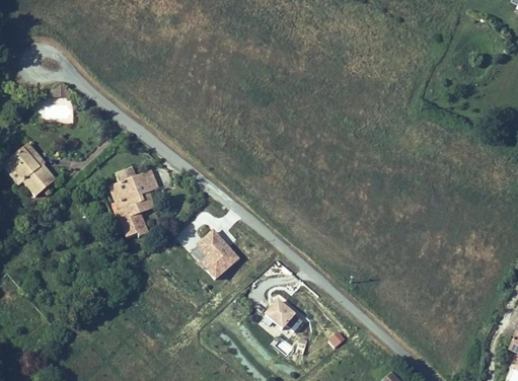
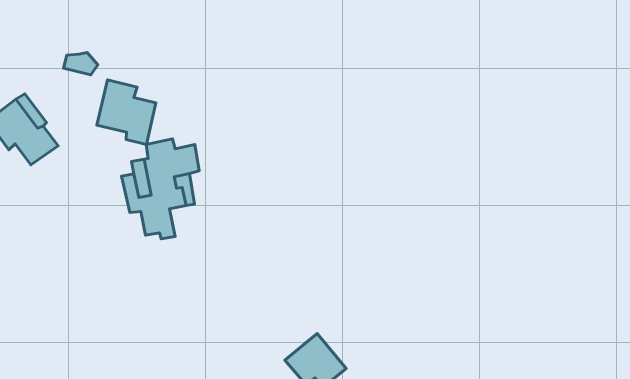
building: none -> [97,80,156,144]
building: [182,222,235,274] -> none

